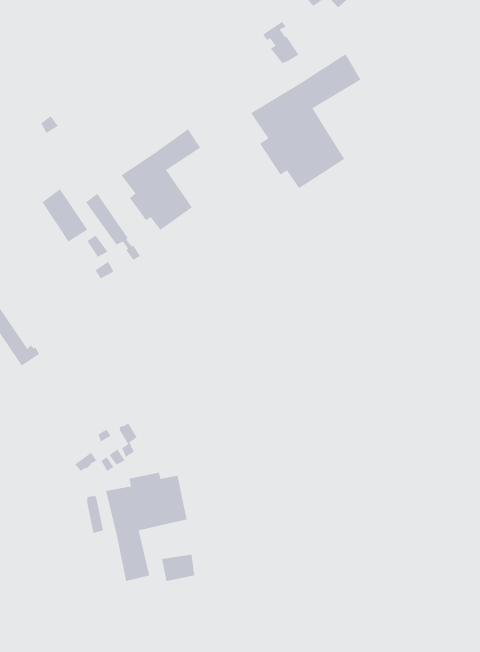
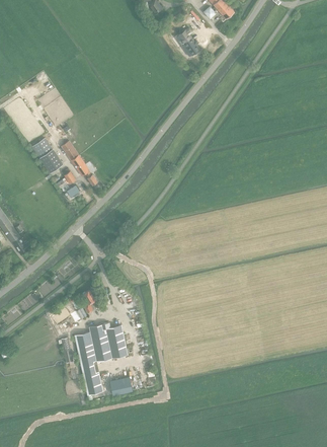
building: [250,53,361,189] -> none
building: [121,128,201,231] -> none

